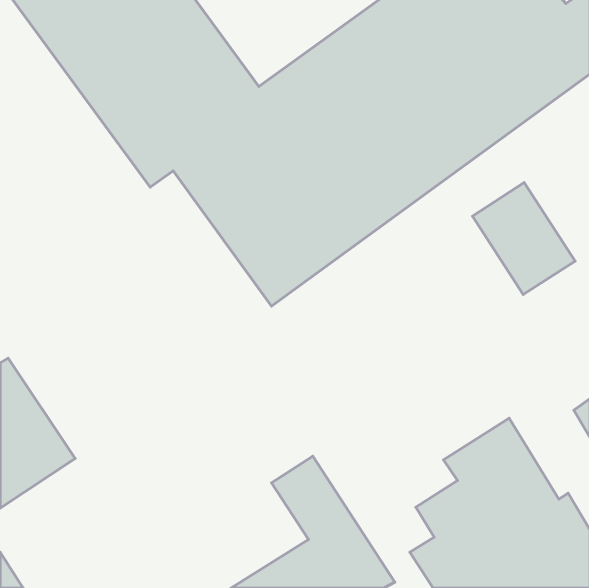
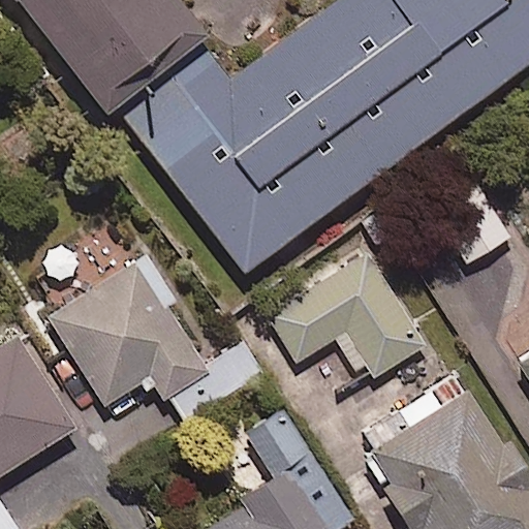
building: none -> [40,217,209,407]
building: none -> [269,253,426,380]

